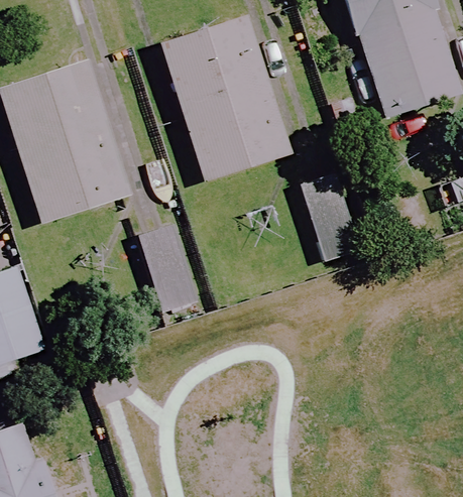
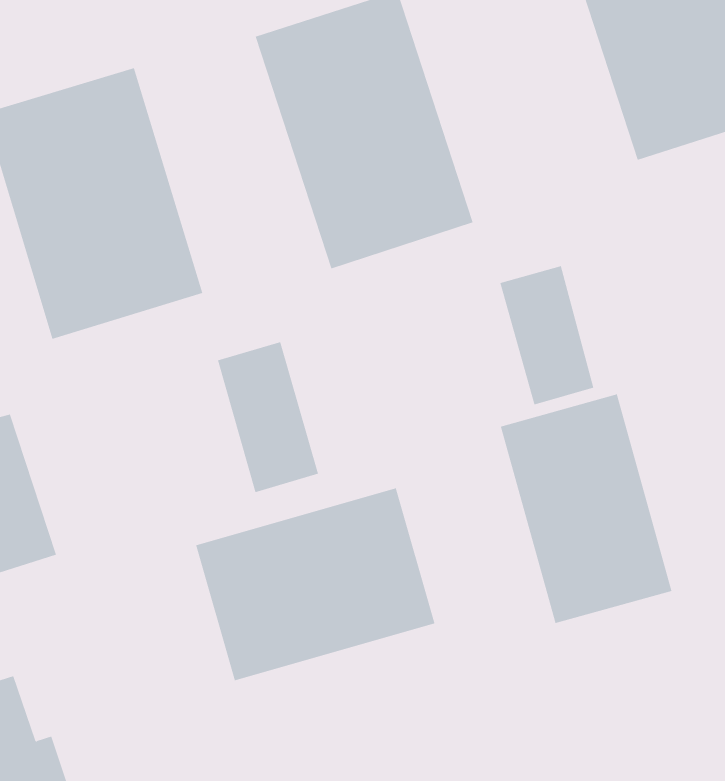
building: none -> [500,394,672,624]
building: none -> [195,487,435,681]

